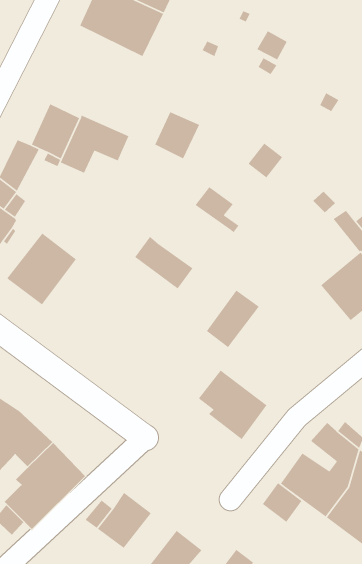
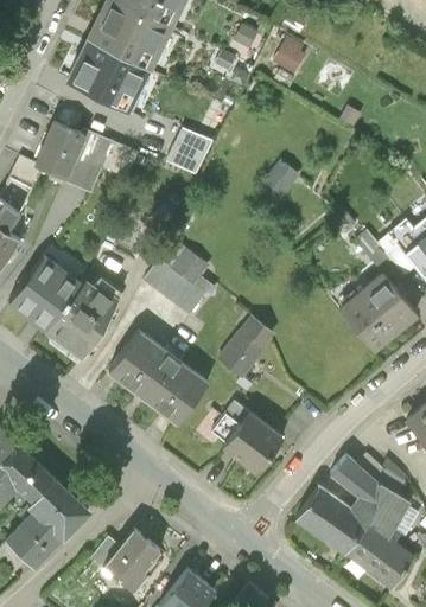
building: none -> [63,37,152,113]
building: [195,186,239,233] -> [169,247,216,296]
building: none -> [45,279,116,358]
building: none -> [108,331,205,423]
building: [262,482,303,523] -> none

